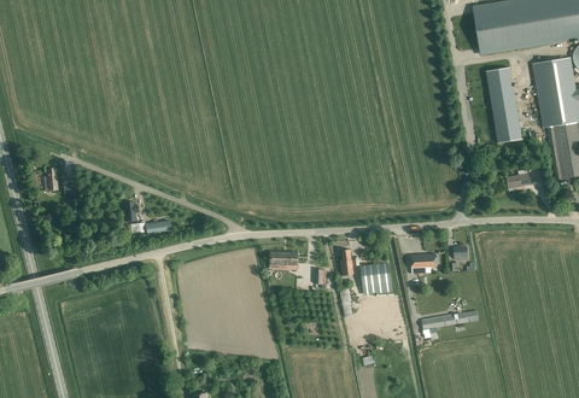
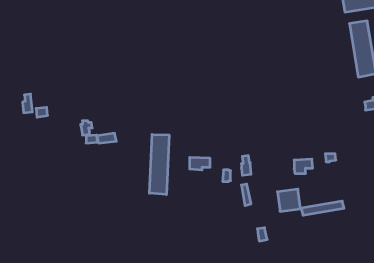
building: none -> [149,134,169,195]
building: [361,263,392,293] -> [277,189,301,211]

